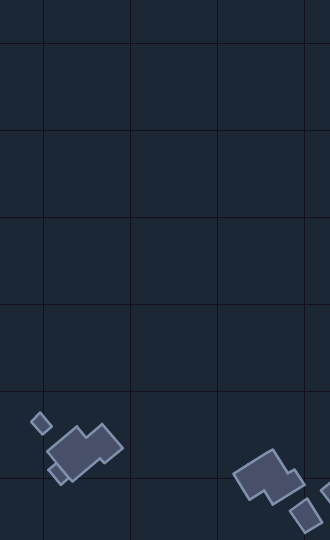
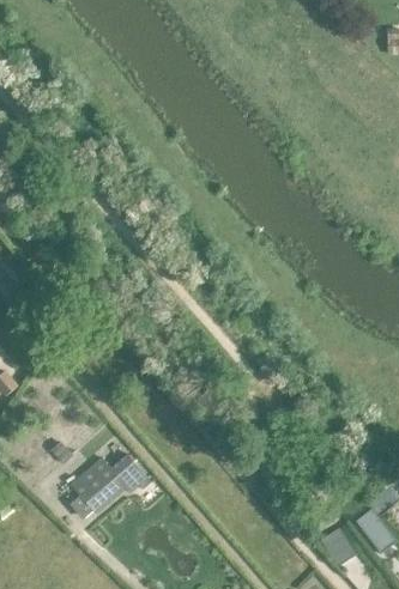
building: [234,450,305,505] -> none

